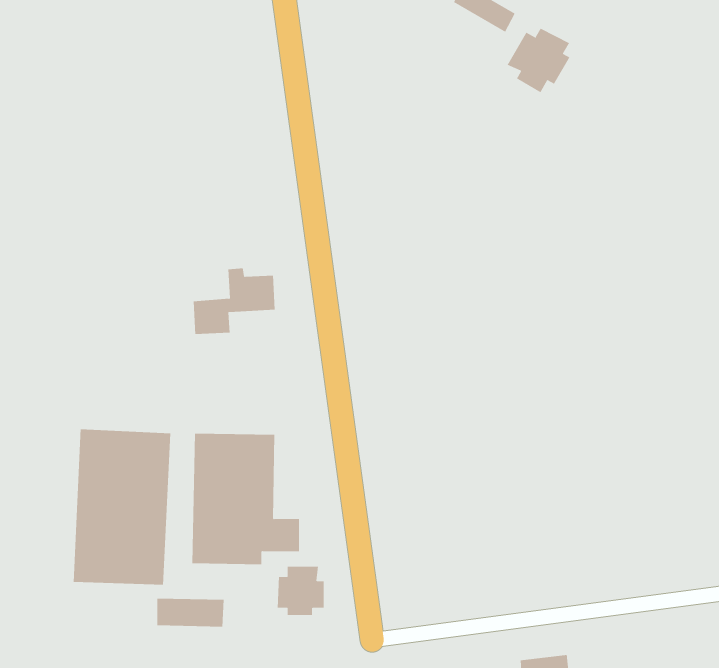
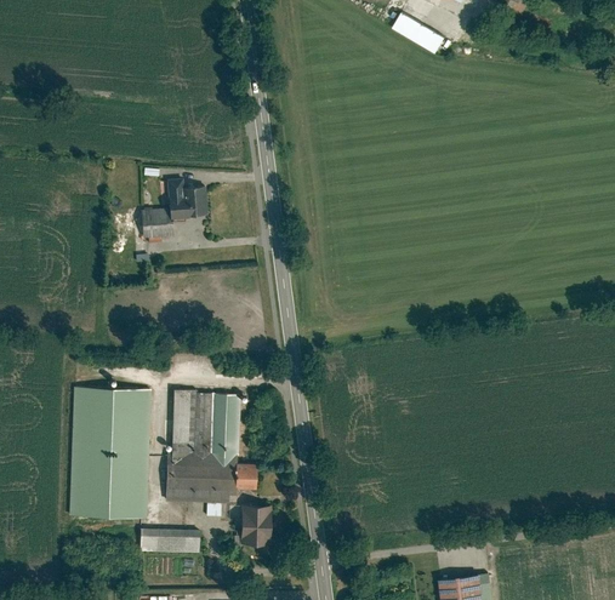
building: [507,28,570,93] -> none
building: [193,268,275,334] -> [139,181,209,236]

